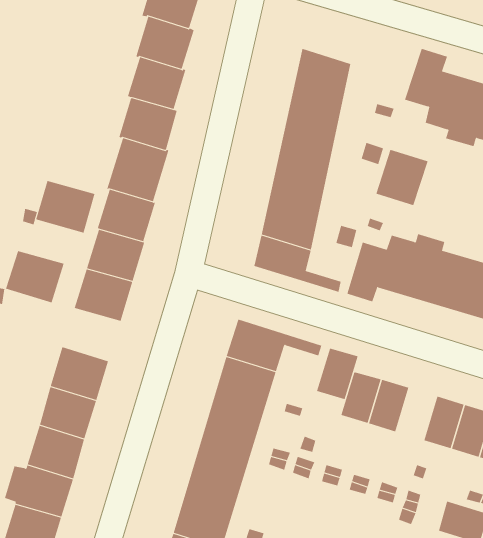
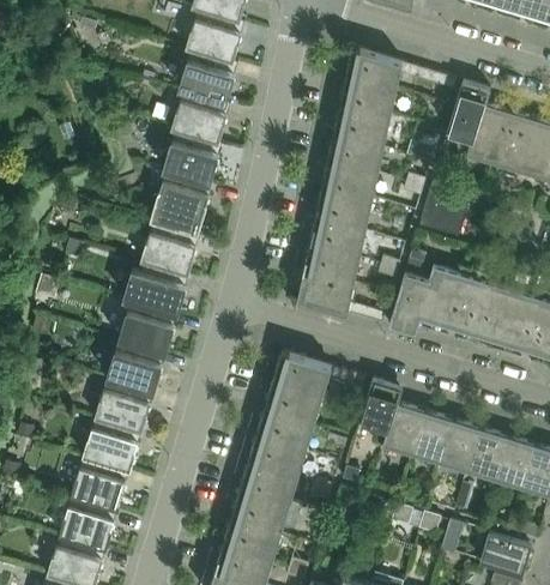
building: none -> [345,48,455,97]
building: [36,180,95,233] -> none
building: [5,250,64,303] -> [107,340,165,393]
building: none -> [439,420,479,472]

